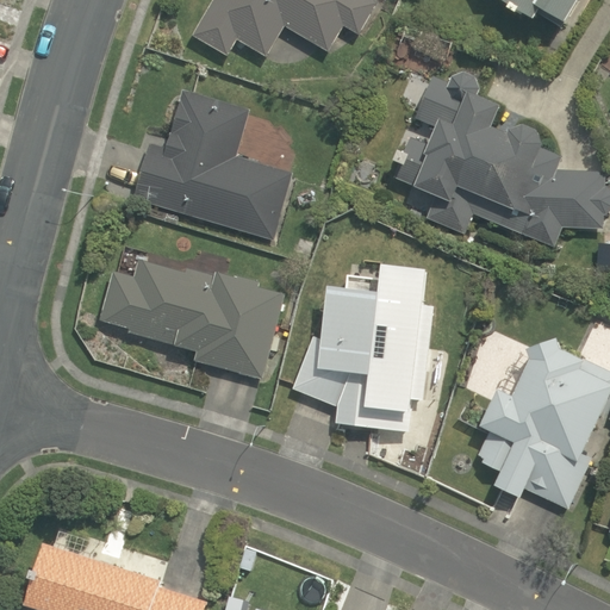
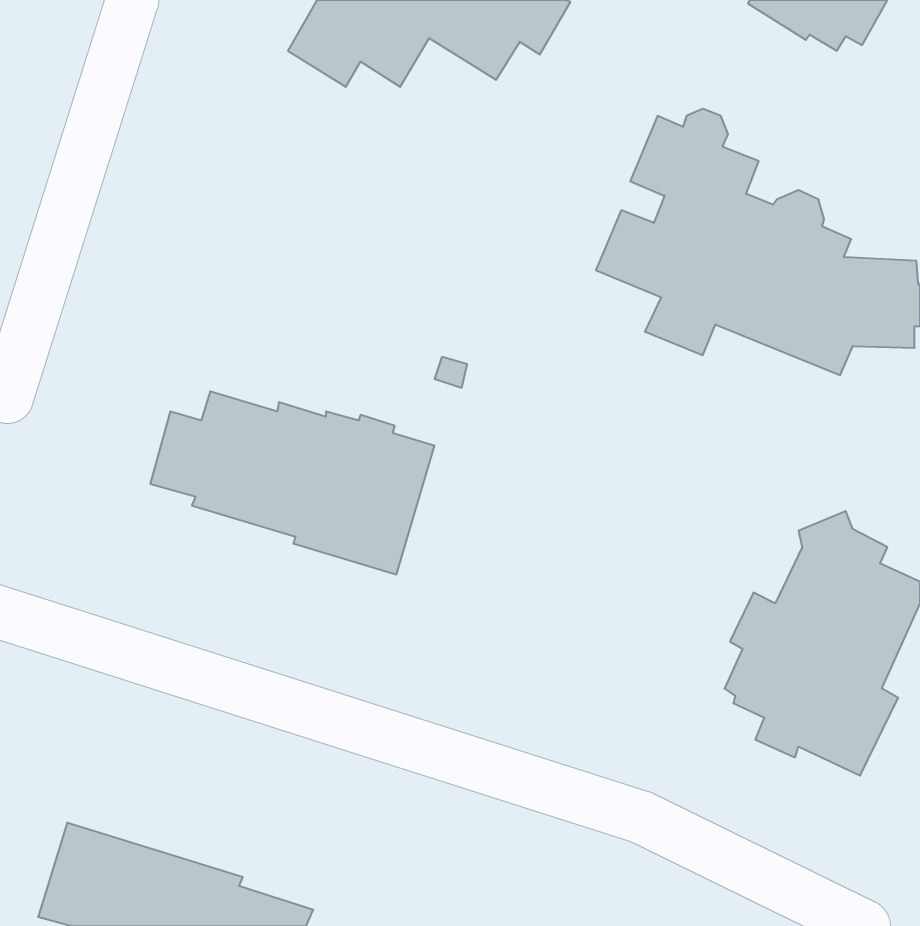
building: [133,89,290,238] -> none
building: [292,262,435,431] -> none

